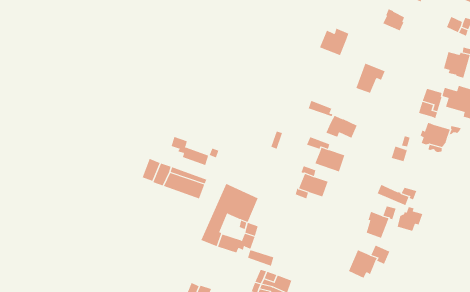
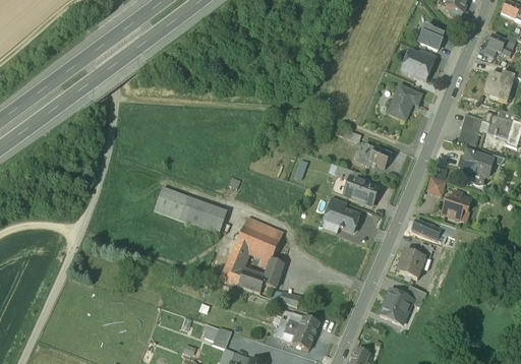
building: [319,28,349,56] -> [402,49,435,79]
building: [171,136,209,166] -> none
building: [397,206,423,232] -> [443,188,471,216]

